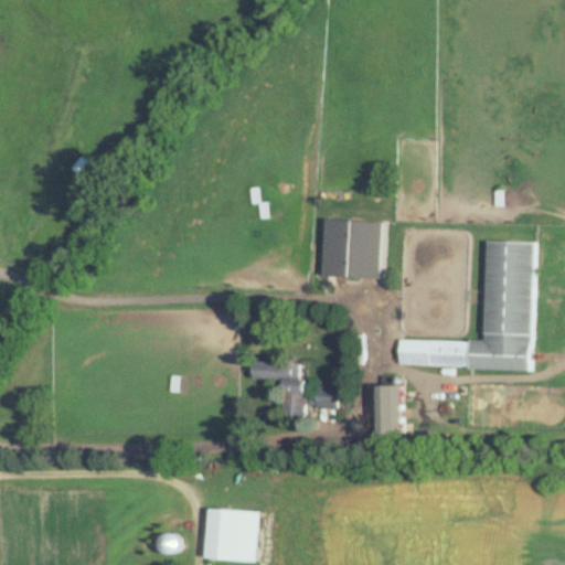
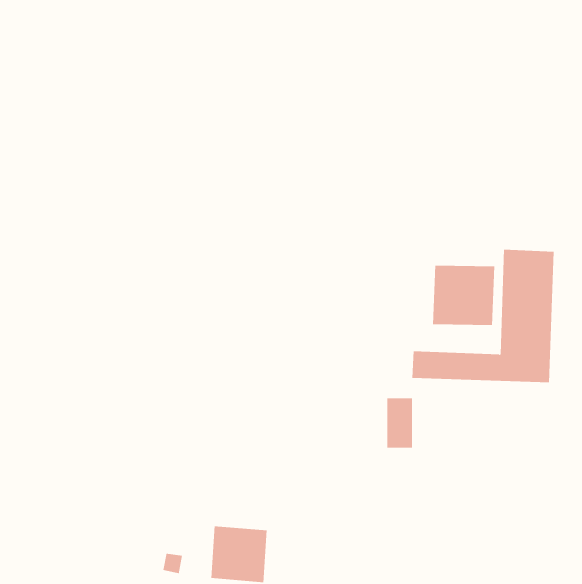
building: [320,220,381,278] -> [432,265,495,326]
building: [250,361,338,418] -> none

